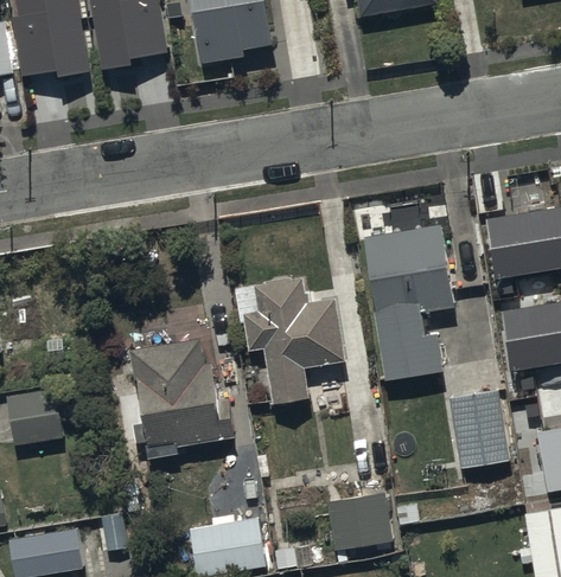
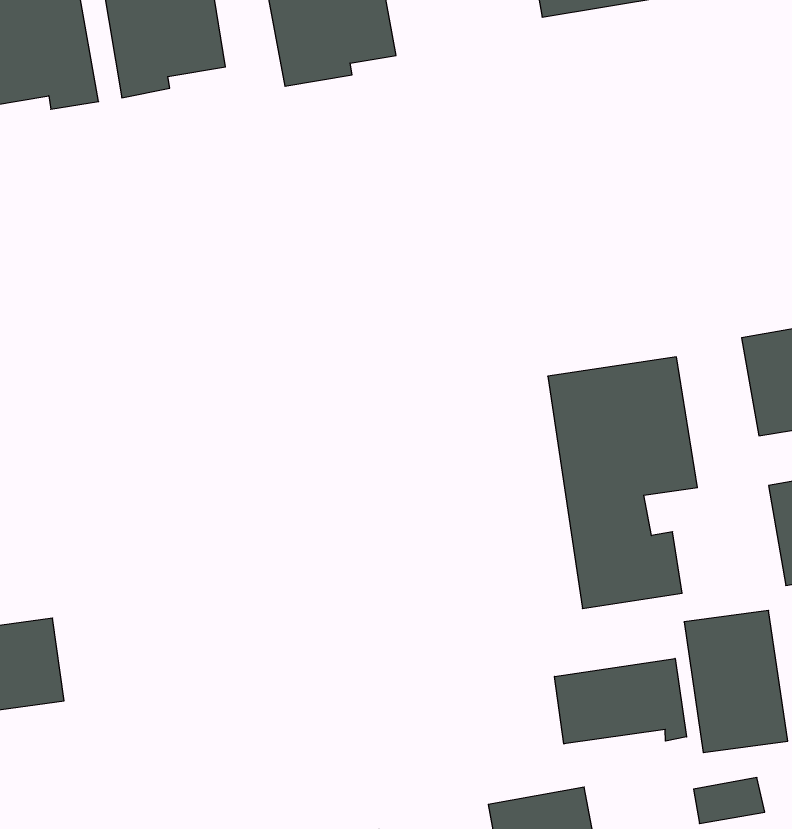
building: [235,281,346,408] -> none
building: [132,346,234,469] -> none
building: none -> [555,658,687,744]

